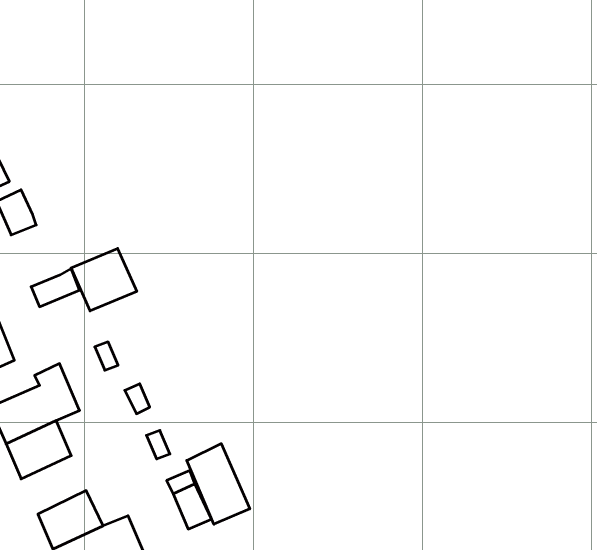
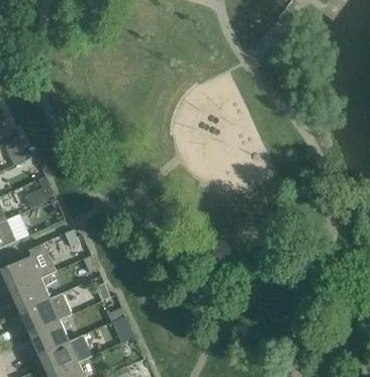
building: [71,248,137,311] -> none
building: [187,444,250,524] -> none
building: none -> [19,294,71,335]

